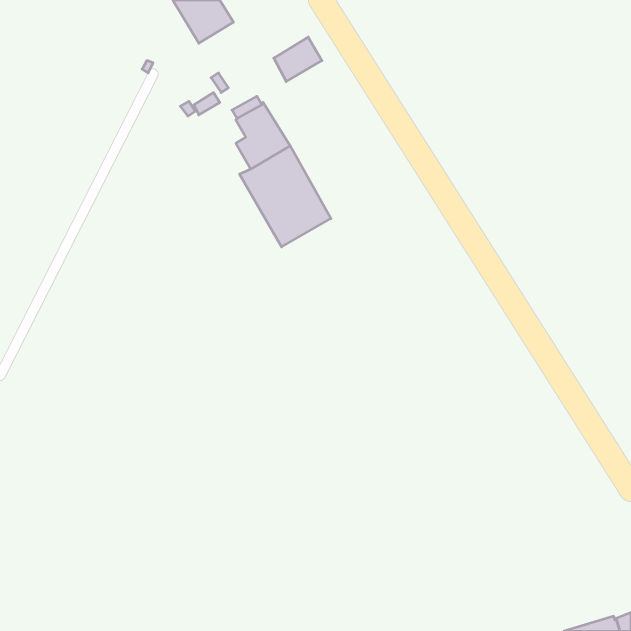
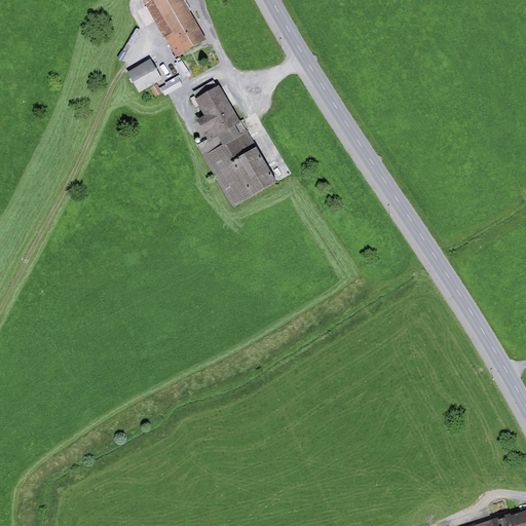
building: [274,37,322,82] -> [165,18,205,55]
building: none -> [127,59,162,91]

